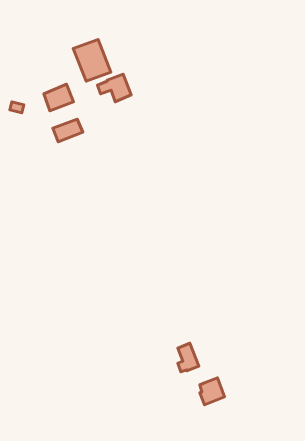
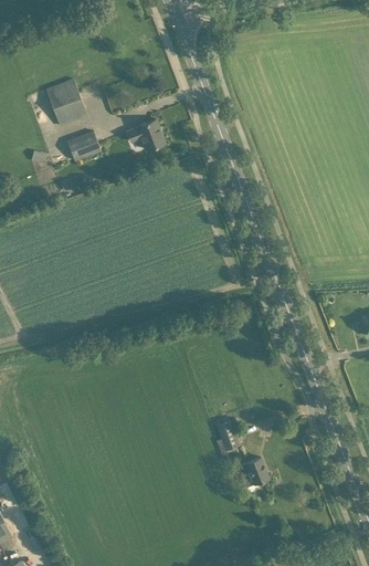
building: [73,39,111,81] -> [44,80,86,126]
building: [53,119,83,142] -> none

